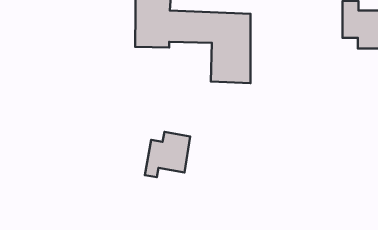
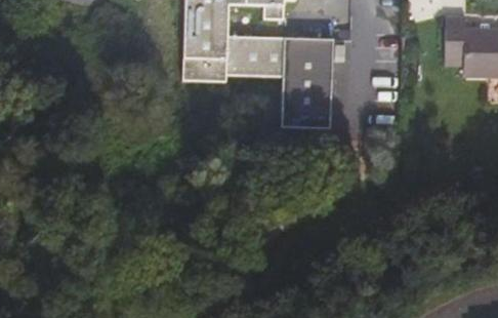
building: [145,132,190,177] -> none

